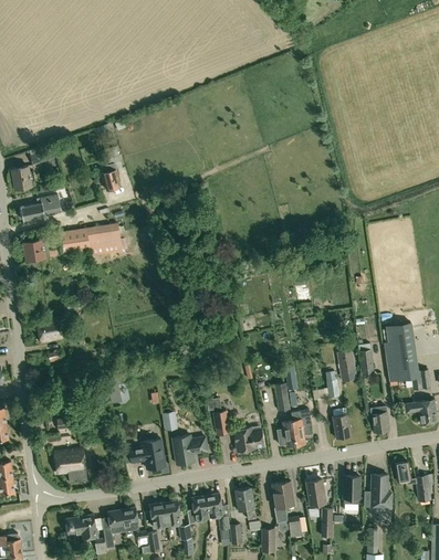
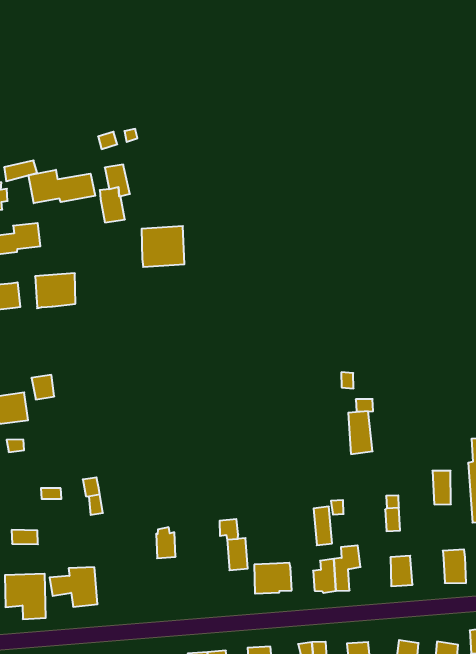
building: none -> [29,170,95,203]
building: [87,224,121,256] -> [142,226,184,267]
building: [337,350,357,382] -> [348,411,373,454]
building: [173,436,208,464] -> none
building: [128,440,165,469] -> [50,567,98,607]

